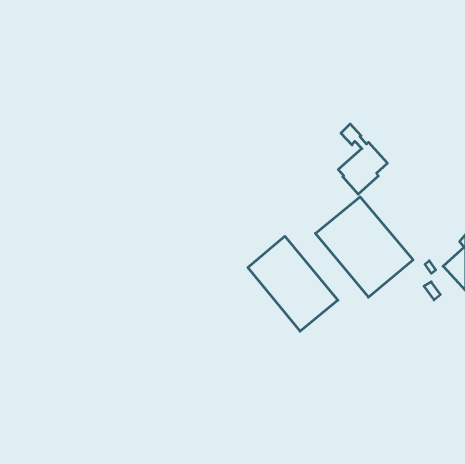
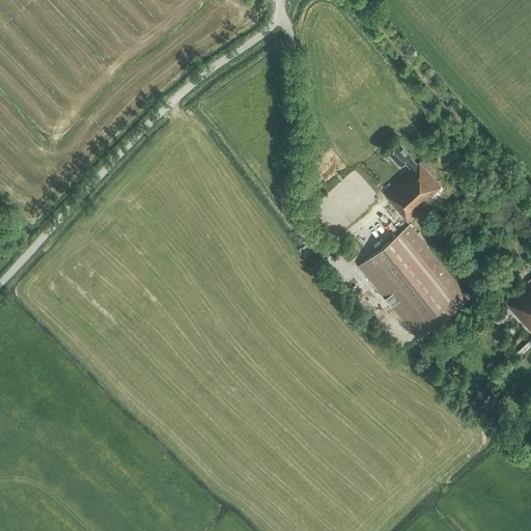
building: [248,236,338,331] -> none

